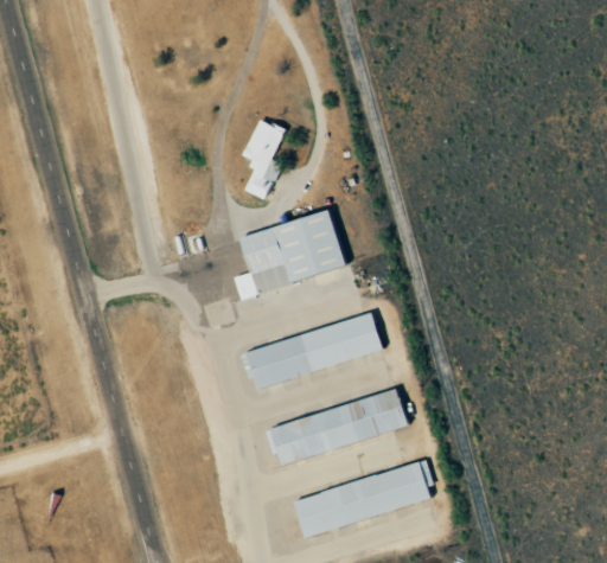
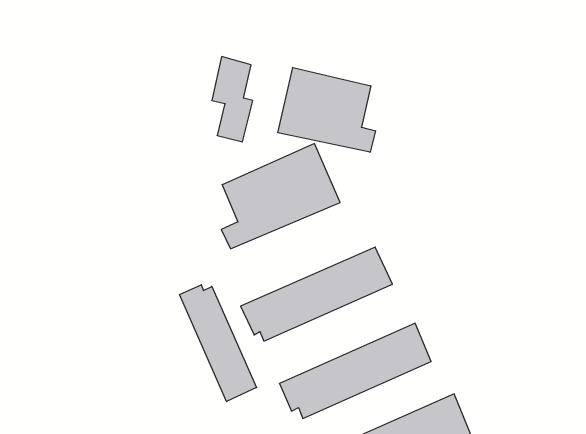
building: none -> [278,67,376,152]
building: none -> [180,285,257,402]

